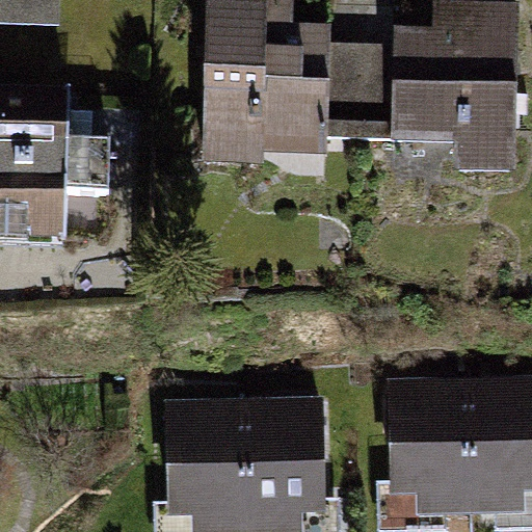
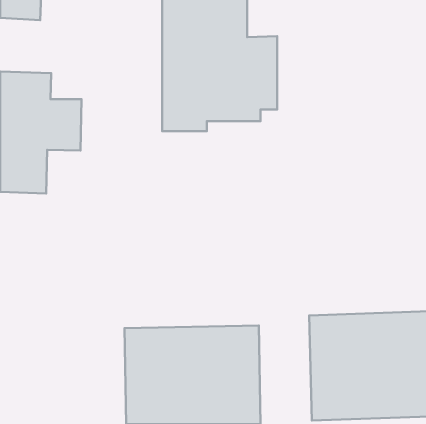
building: [348,16,516,168] -> none

